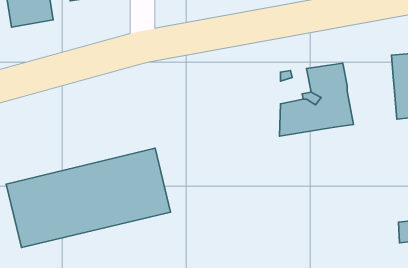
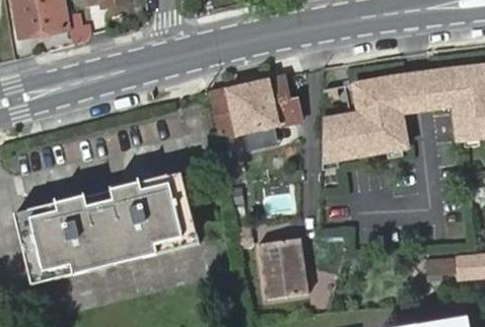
building: none -> [393,66,449,101]
building: none -> [212,76,298,184]
building: none -> [256,237,308,300]

